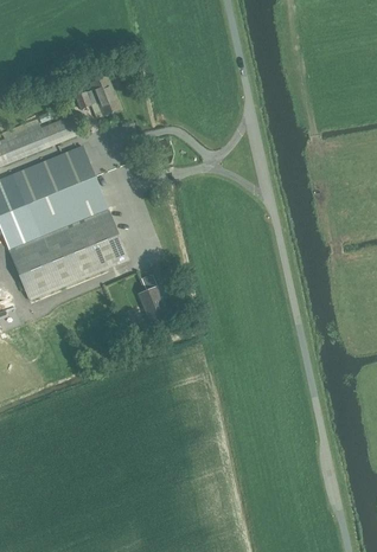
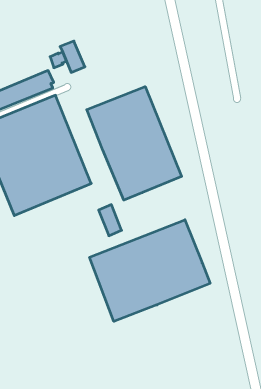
building: none -> [87,87,182,200]
building: none -> [90,220,210,321]

